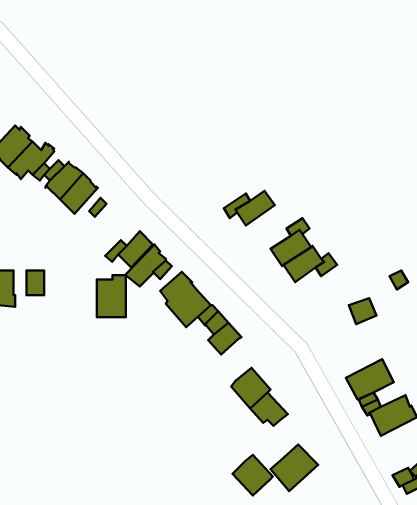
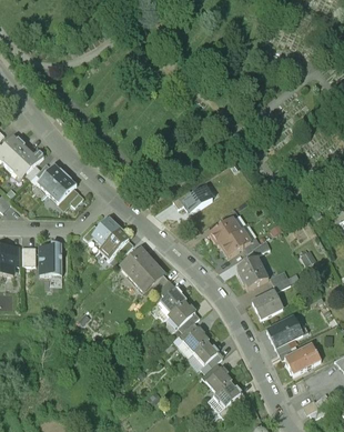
building: [97,275,126,317] -> [39,243,61,275]
building: none -> [237,257,266,287]
building: none -> [252,290,281,318]
building: none -> [168,300,200,332]
building: [232,455,273,496] -> [201,362,232,393]

